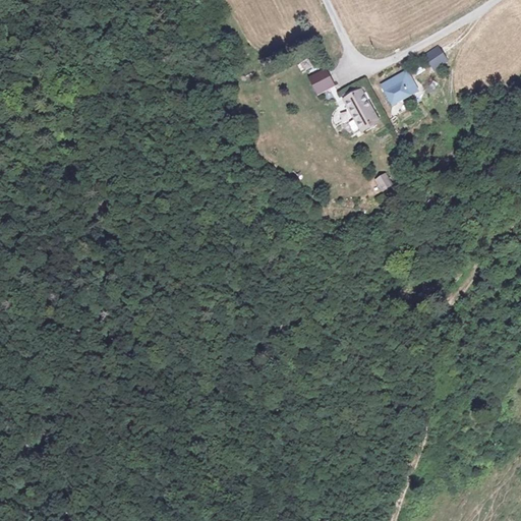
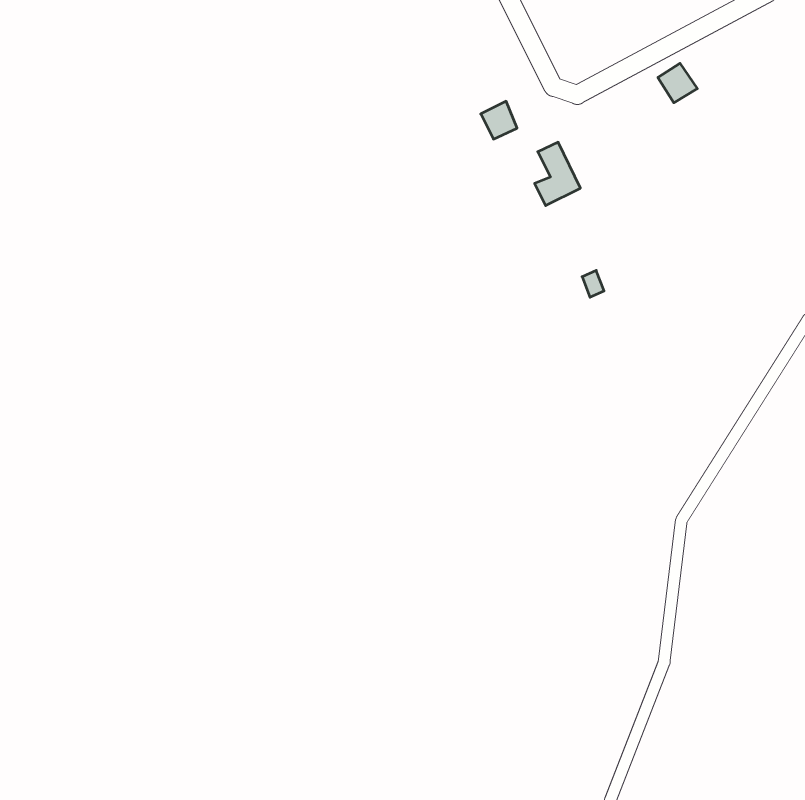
building: [382,73,418,104] -> none

